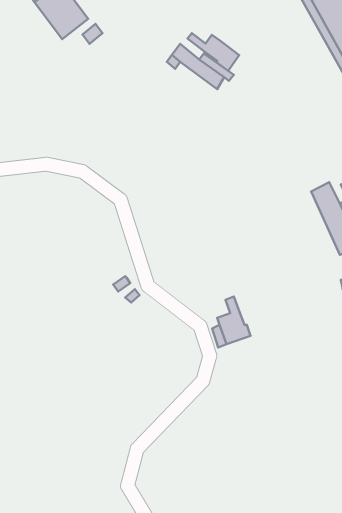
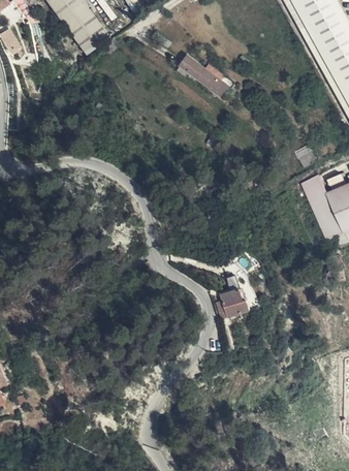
building: [187,33,239,71] -> none

